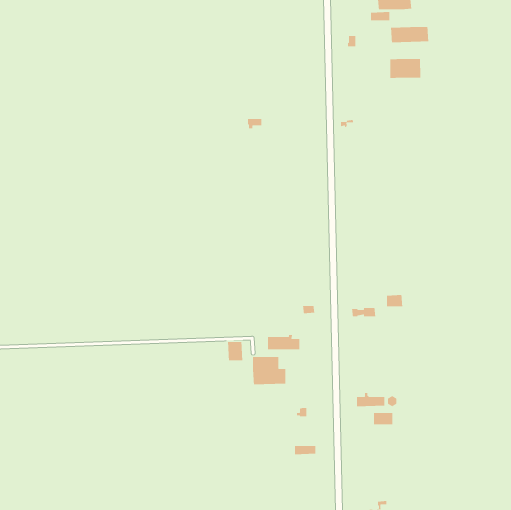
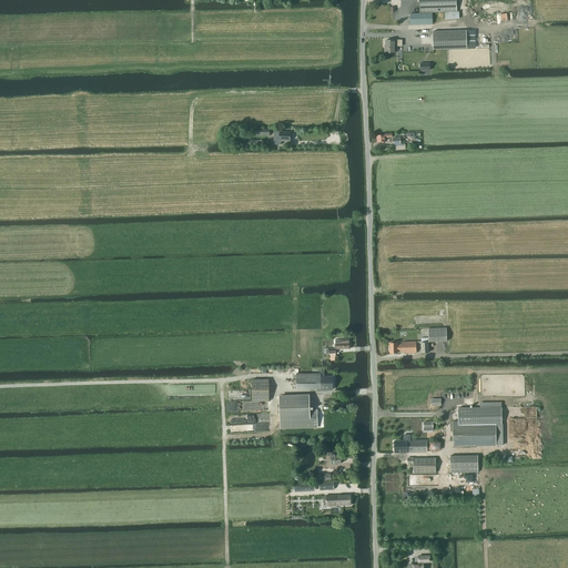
building: [389,58,421,79] -> none
building: none -> [453,406,501,445]
building: none -> [450,454,478,471]

